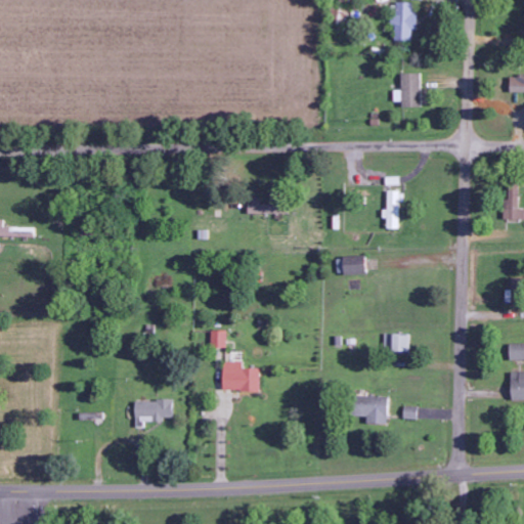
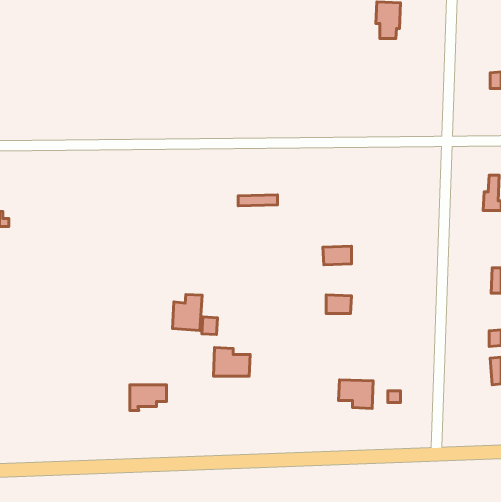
building: [394,74,422,108] -> none
building: [383,191,404,229] -> none
building: none -> [172,294,202,330]
building: [383,333,409,352] -> [326,295,352,313]

